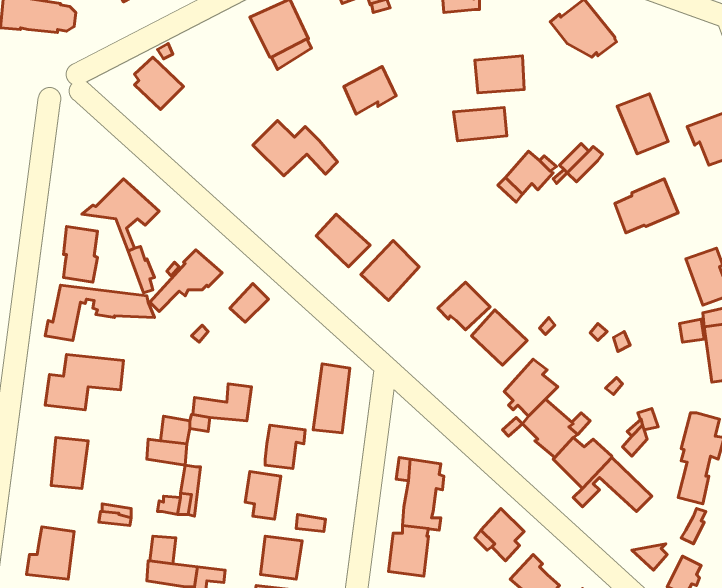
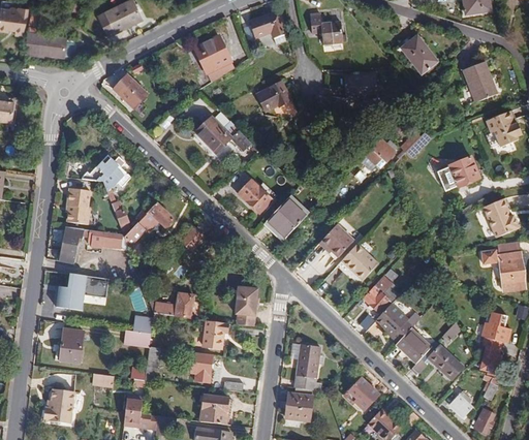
building: [617,94,668,154] -> [462,61,496,101]
building: [453,107,507,141] -> none

